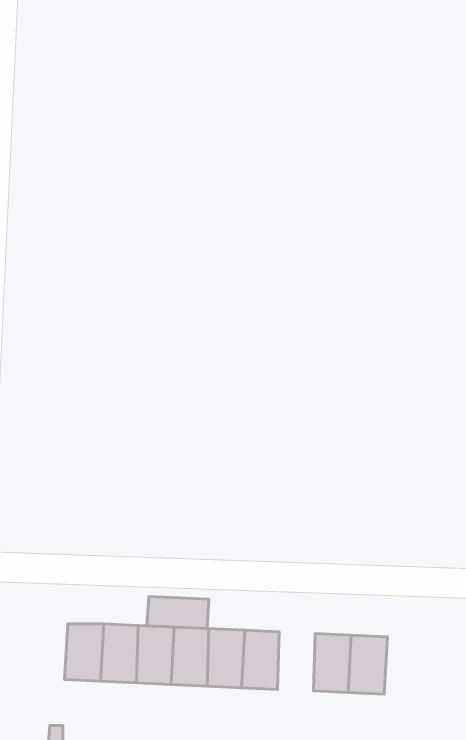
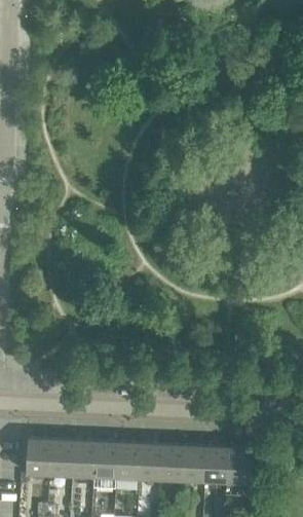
building: [147,596,209,628] -> none
building: none -> [25,440,49,476]
building: none -> [181,446,204,483]

